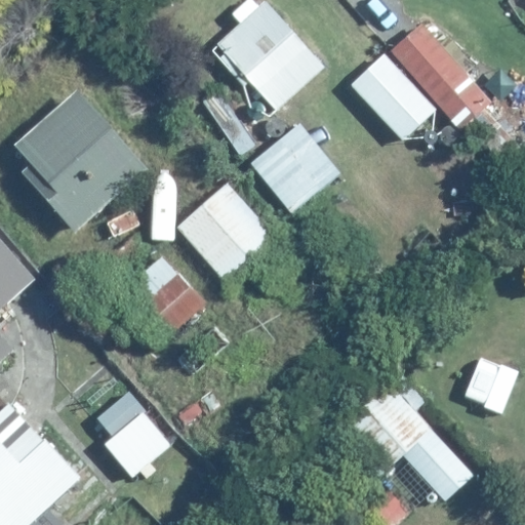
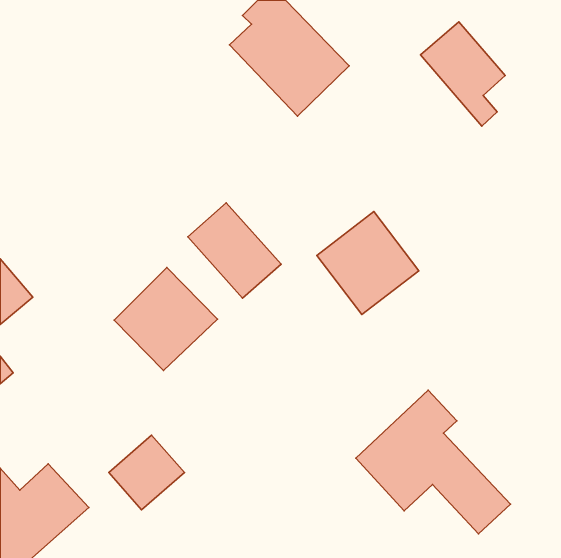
building: [348,51,436,140] -> none
building: [10,87,149,236] -> none
building: [249,119,345,215] -> [317,212,419,315]

